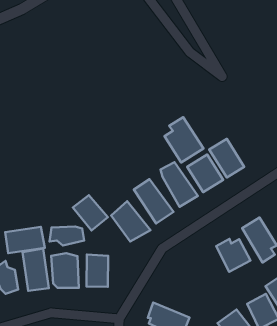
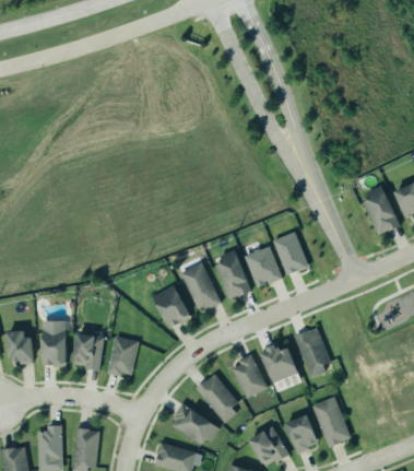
building: [165,117,204,162] -> none
building: [73,195,108,231] -> none
building: [50,227,84,245] -> none
building: [5,227,45,253] -> none
building: none -> [230,353,267,397]
building: none -> [196,370,241,423]

